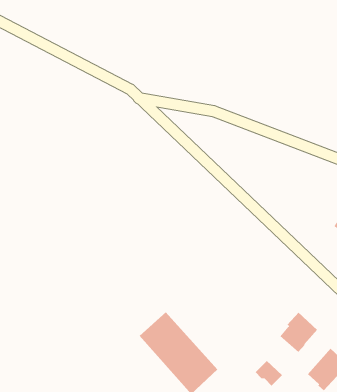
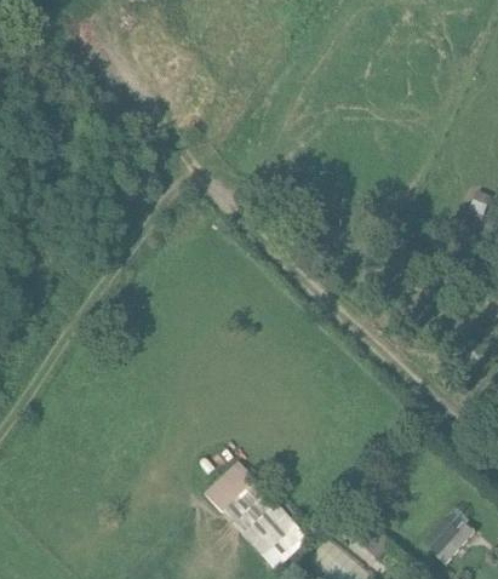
building: [279,312,318,353] -> none

